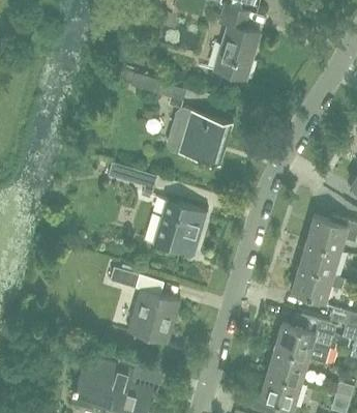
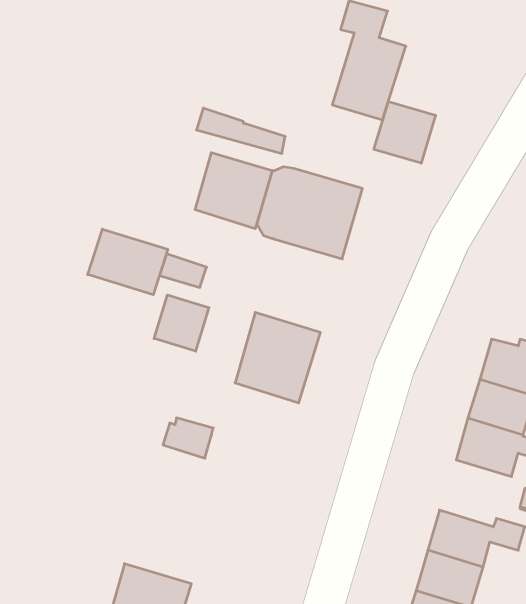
building: none -> [374,101,436,163]
building: none -> [195,153,272,229]
building: none -> [88,229,168,295]
building: none -> [154,295,209,351]
building: [127,290,180,345] -> none

